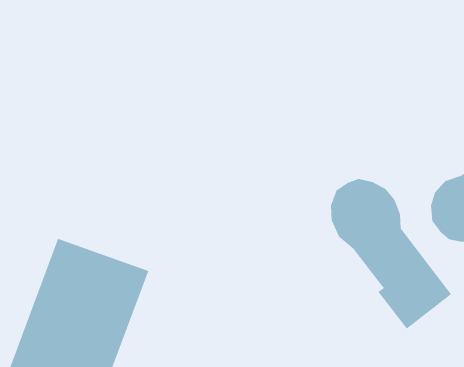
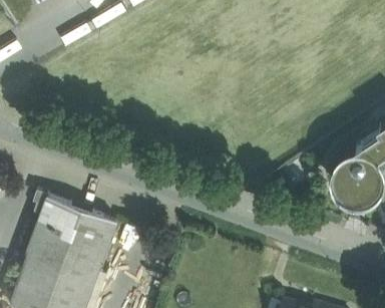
building: [330,178,452,329] -> none

